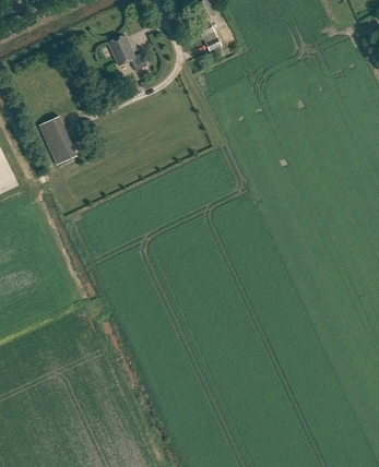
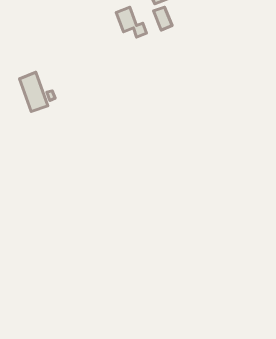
building: [108,34,147,70] -> [116,7,147,37]

